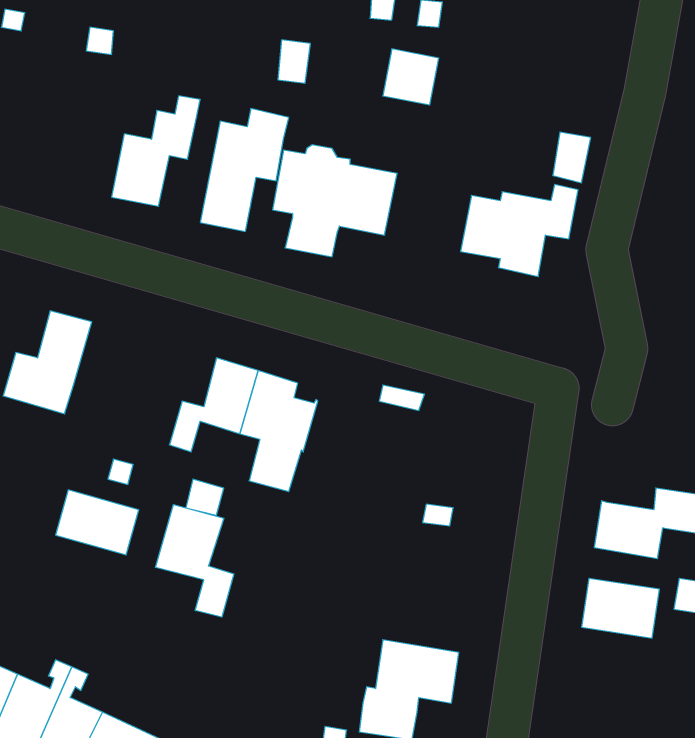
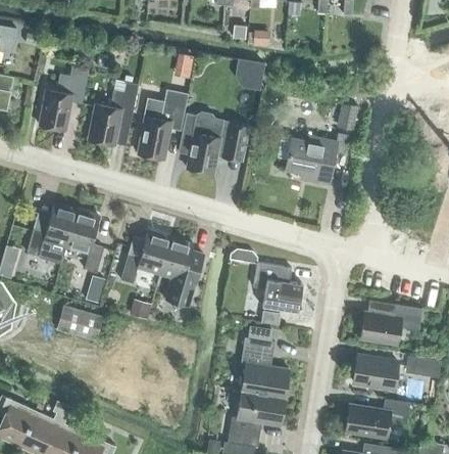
building: none -> [39,66,88,130]
building: none -> [66,210,104,272]
building: none -> [252,262,302,312]
building: [155,505,234,617] -> none
building: none -> [240,336,289,397]
building: none -> [345,399,410,437]

